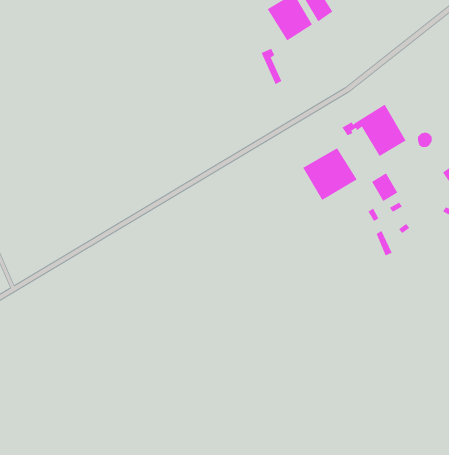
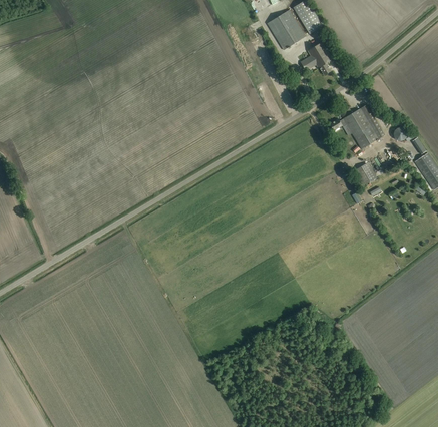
building: none -> [300,41,332,74]
building: [303,147,357,201] -> none

